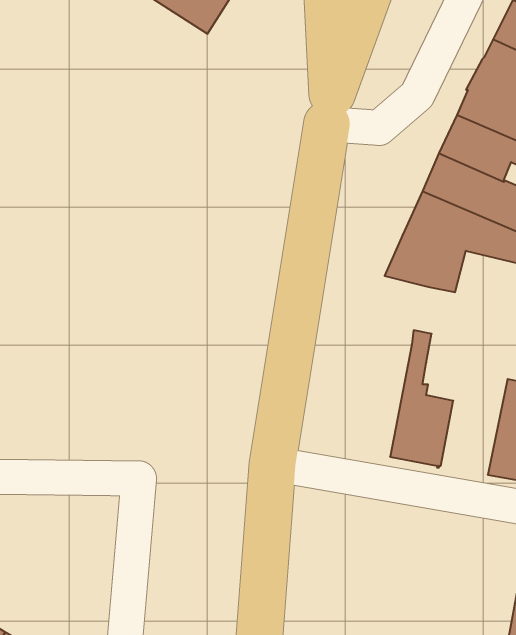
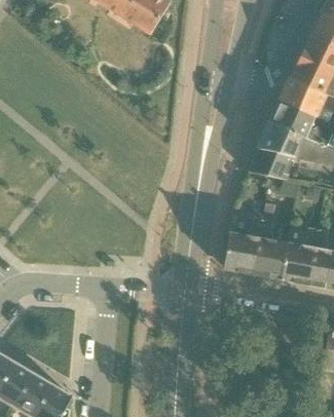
building: none -> [224,208,264,273]
building: none -> [281,227,319,283]

